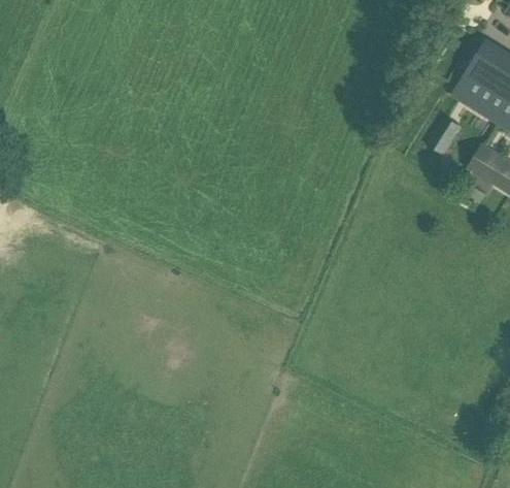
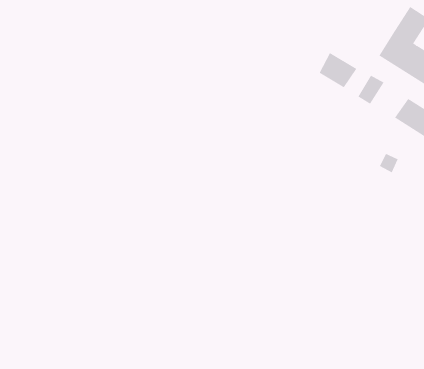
building: none -> [319,52,357,88]

